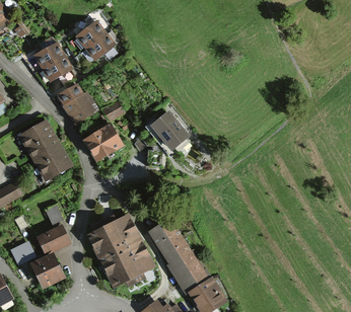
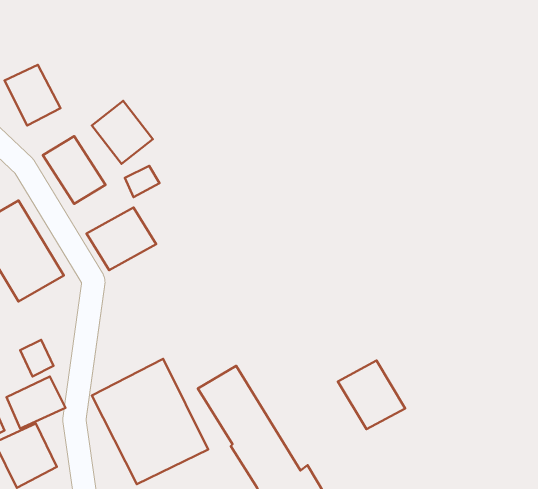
building: [78,21,114,58] -> [92,101,153,164]
building: [151,110,188,148] -> none
building: none -> [338,361,405,429]

